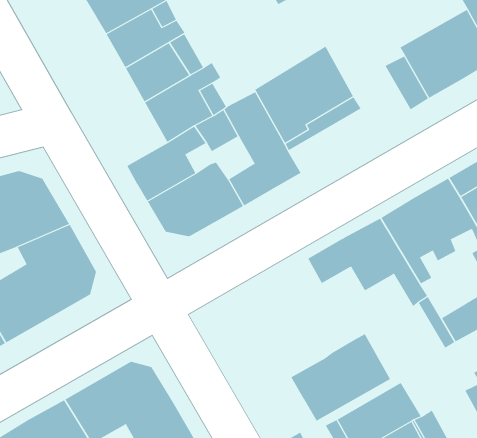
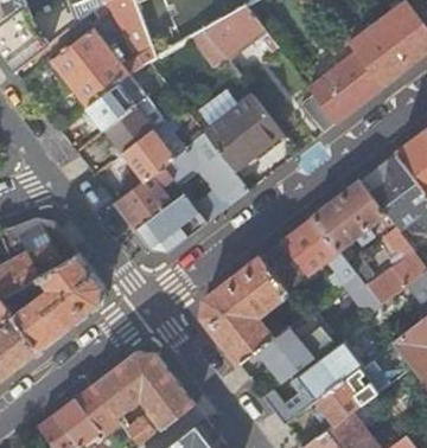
building: none -> [200,256,288,363]

